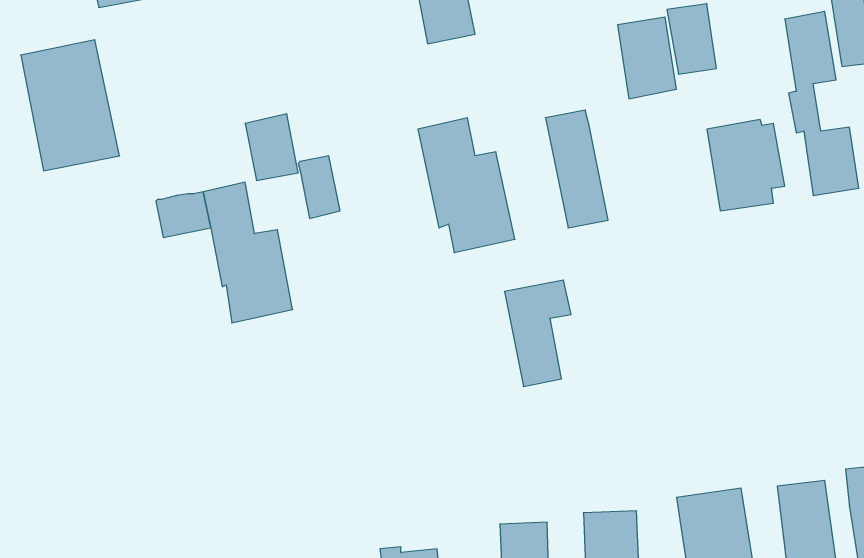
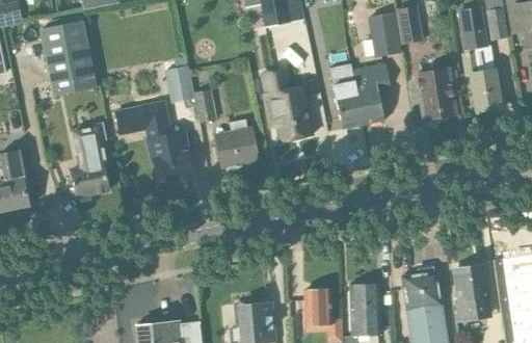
building: none -> [216,121,259,166]
building: none -> [71,122,109,196]
building: [504,280,571,387] -> [353,65,390,124]

